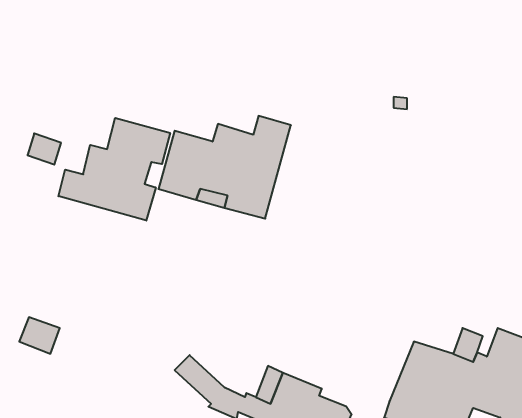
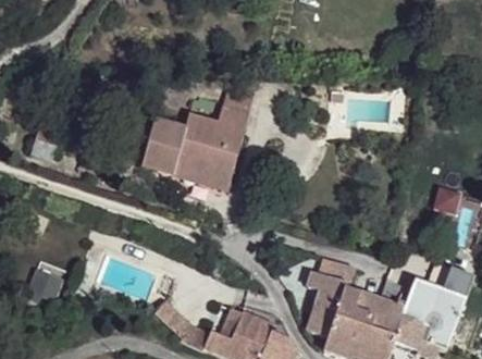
building: [58,118,170,221] -> none
building: none -> [306,258,355,336]

